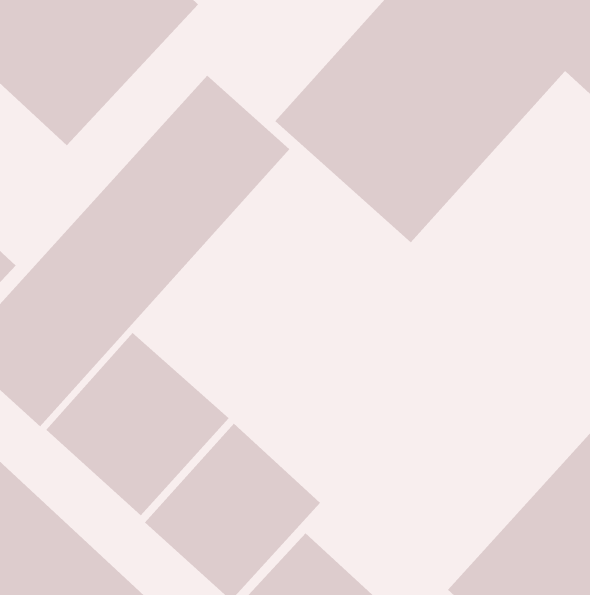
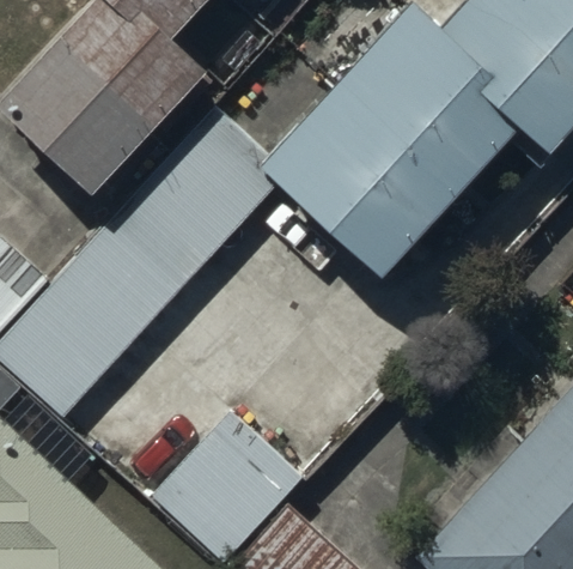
building: [45,332,229,516] -> none

